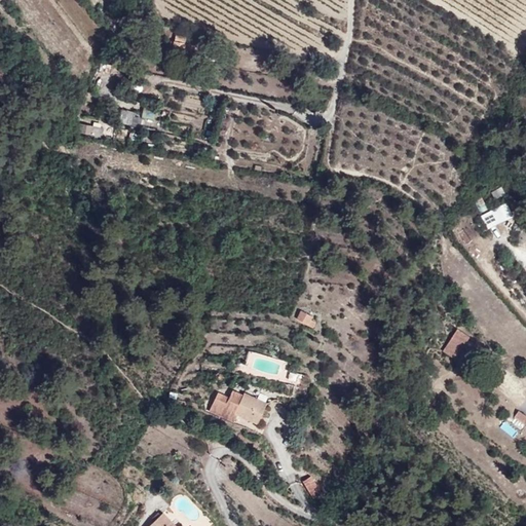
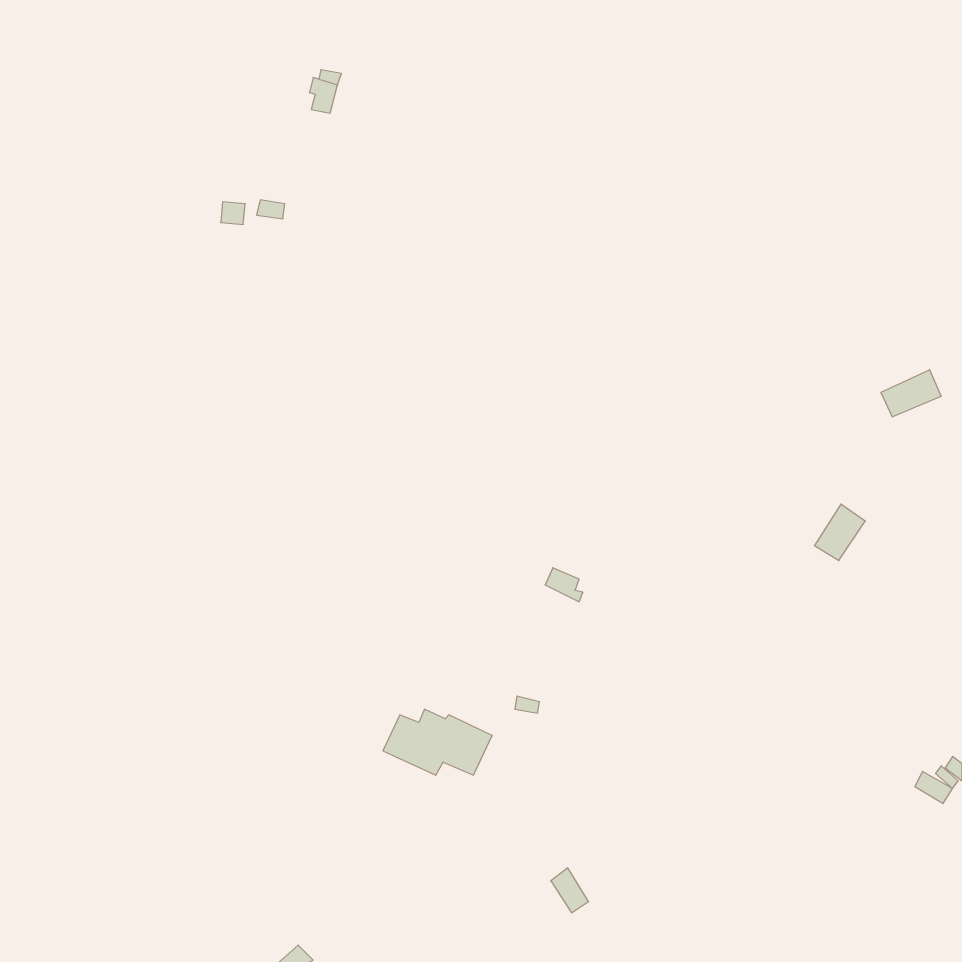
building: [441,331,468,362] -> [814,504,865,561]

